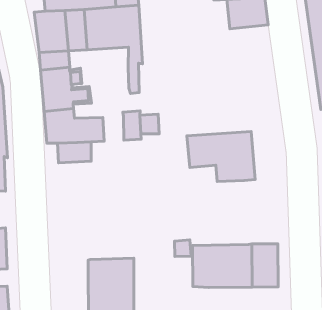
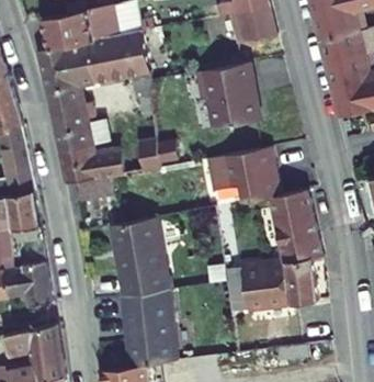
building: none -> [200,60,261,126]
building: none -> [273,188,325,260]
building: none -> [113,216,170,294]

